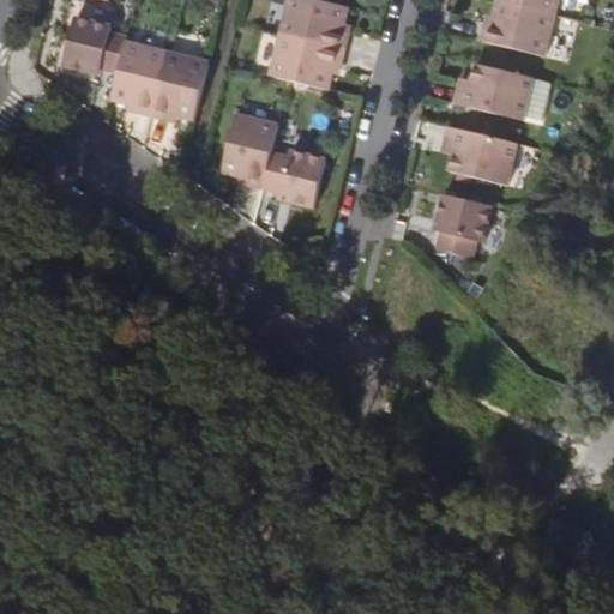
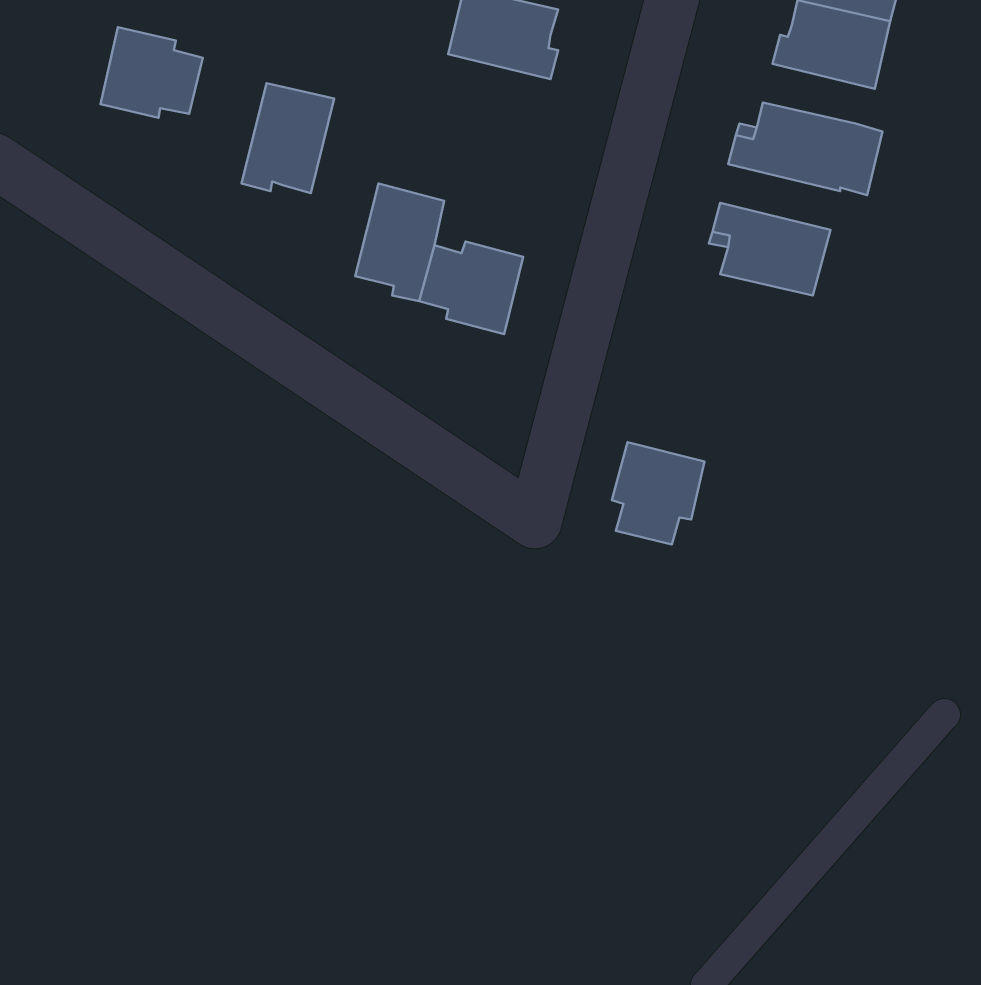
building: [269,34,342,89] -> none
building: [110,41,165,114] -> none
building: [433,193,490,257] -> [612,442,705,544]

